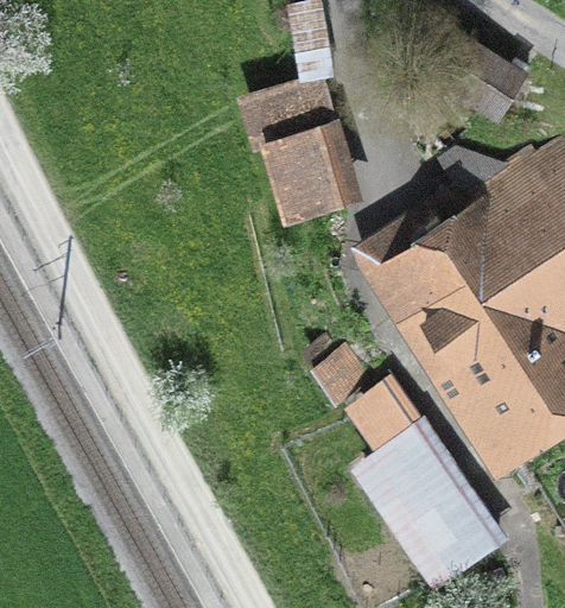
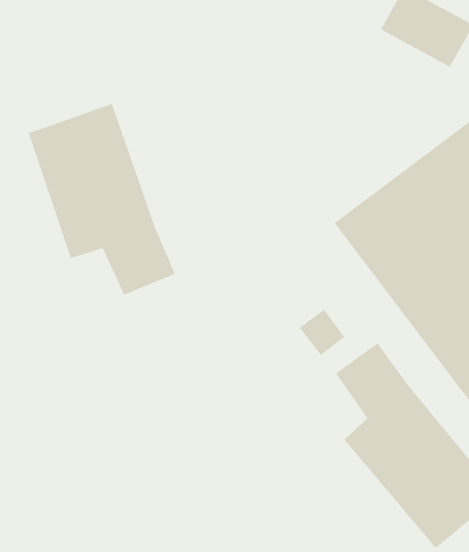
building: [240,77,362,227] -> none
building: none -> [28,103,176,295]

